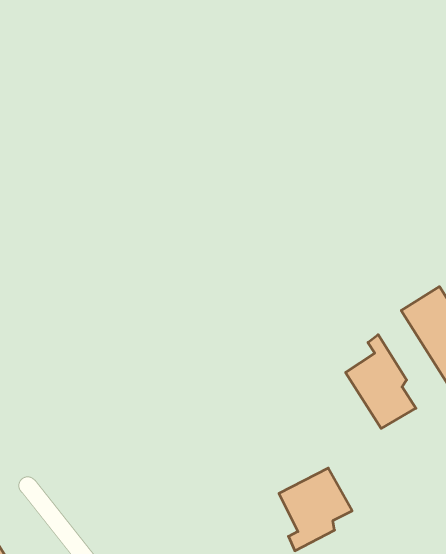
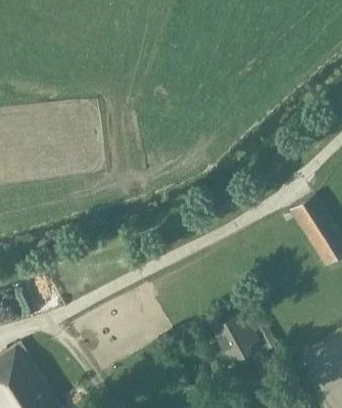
building: [346,335,416,428] -> none

